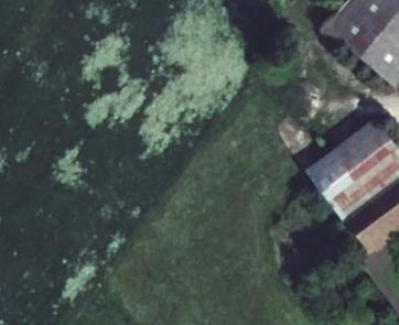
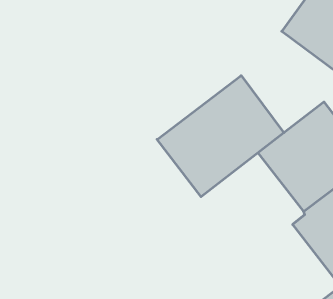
building: none -> [157,76,284,197]

